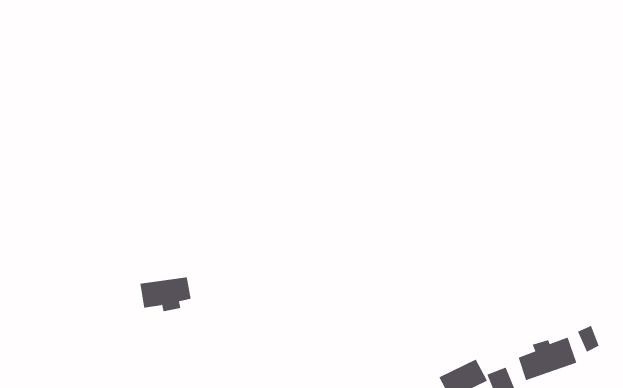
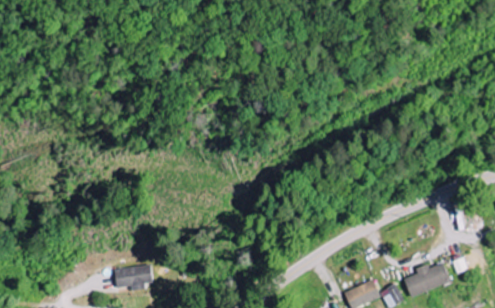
building: [140,277,191,312] -> [112,264,152,291]

